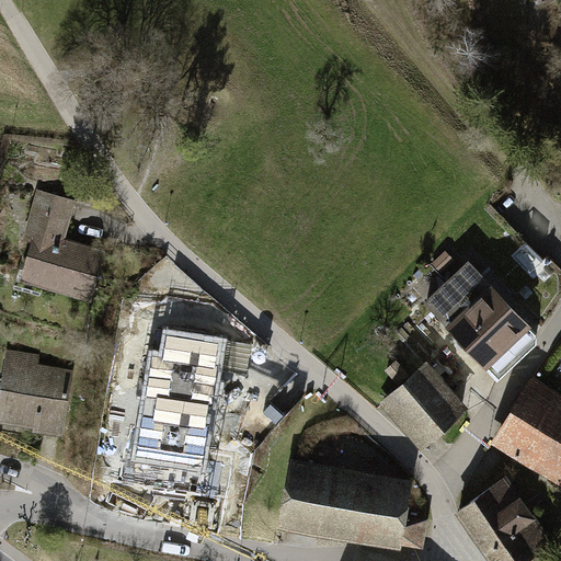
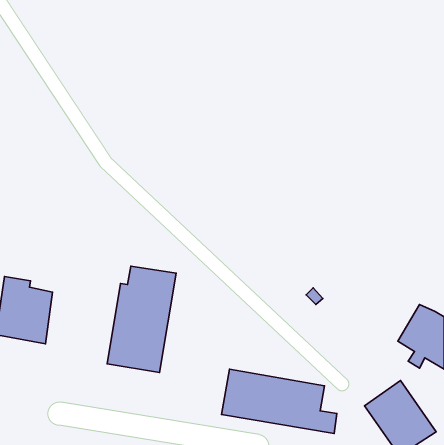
building: [13,194,107,309] -> none
building: [426,255,541,377] -> none
building: [385,369,459,444] -> none

